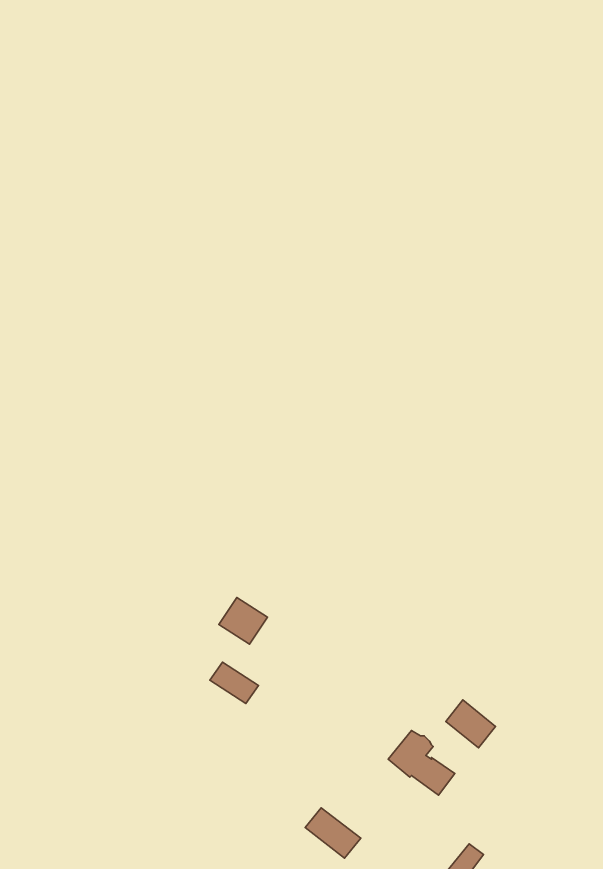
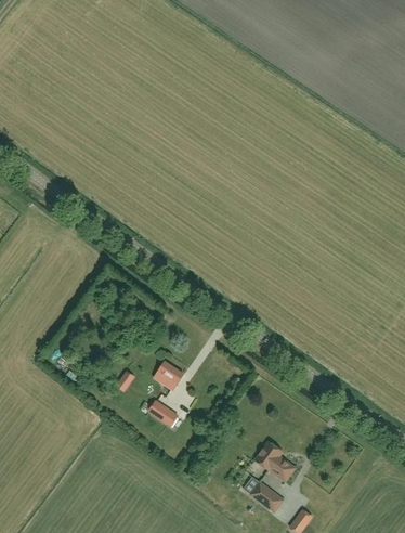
building: [446,700,495,748] -> none
building: [305,808,361,858] -> [250,482,284,512]

